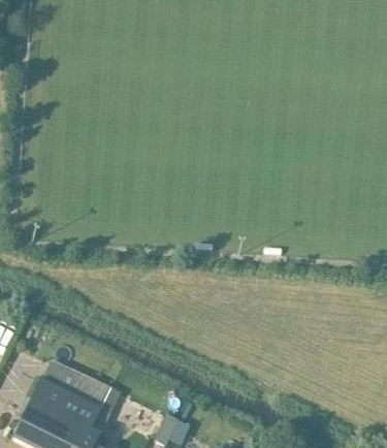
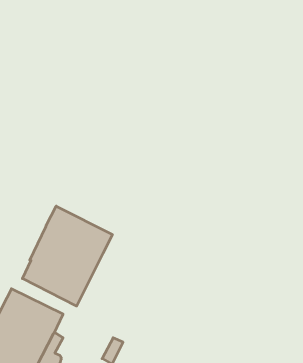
building: none -> [22,206,112,306]

